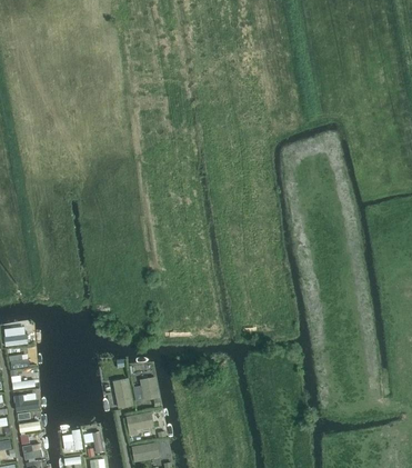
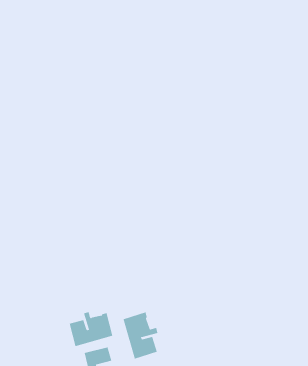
building: none -> [123,311,158,360]

